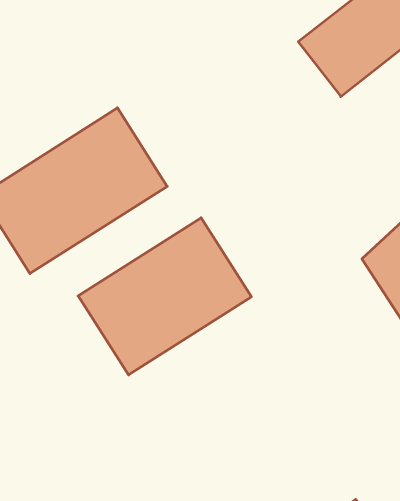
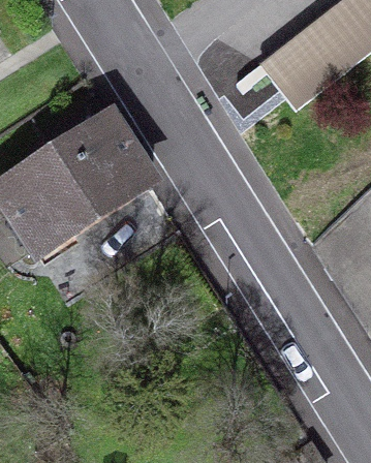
building: [78,218,251,375] -> none

